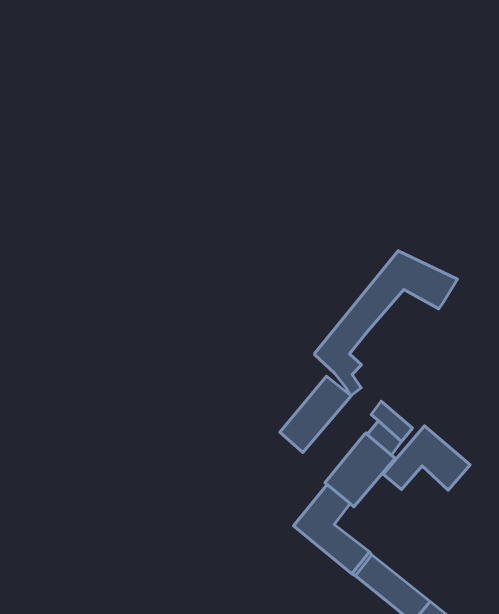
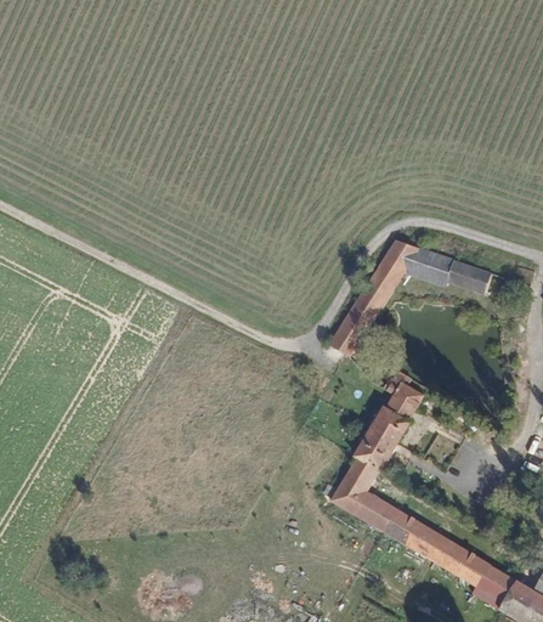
building: none -> [440,256,483,289]
building: [280,376,351,453] -> none
building: [383,426,470,490] -> none

